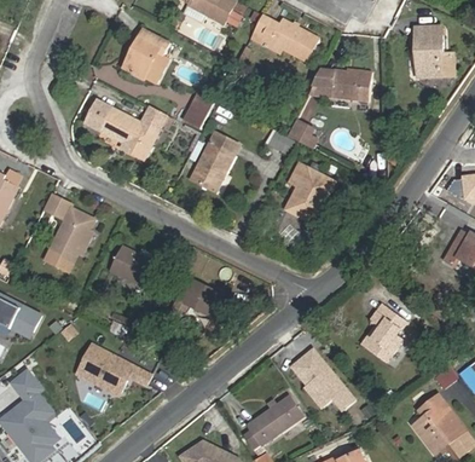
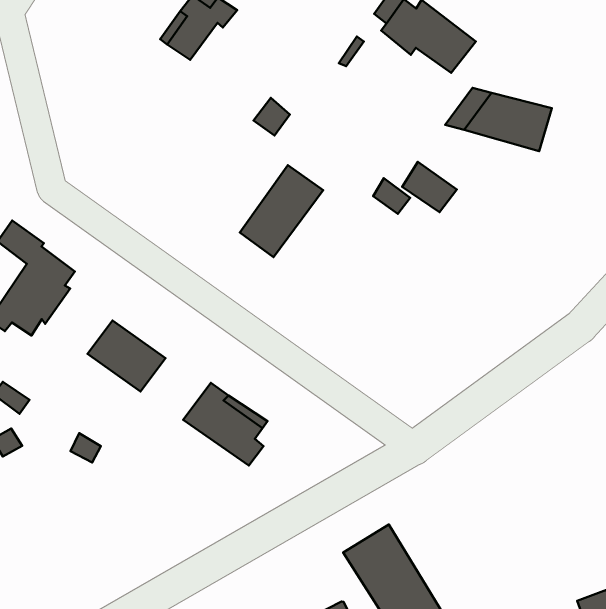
building: [86,100,166,158] -> none
building: [285,164,334,221] -> none
building: [363,302,407,360] -> none
building: [77,343,150,391] -> none

